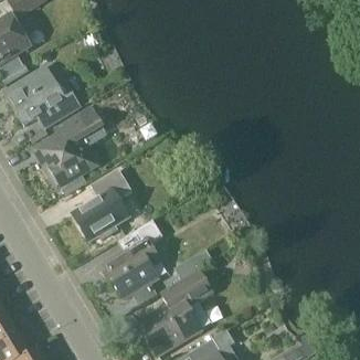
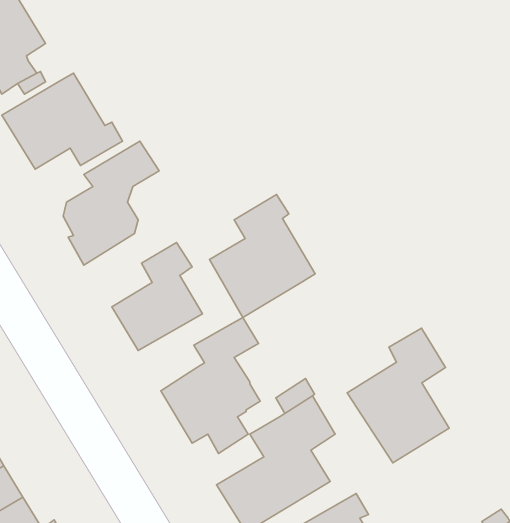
building: none -> [209,194,315,317]
building: none -> [347,328,449,463]

